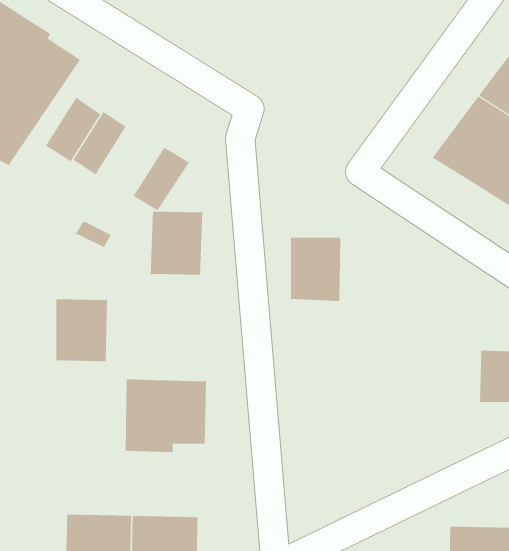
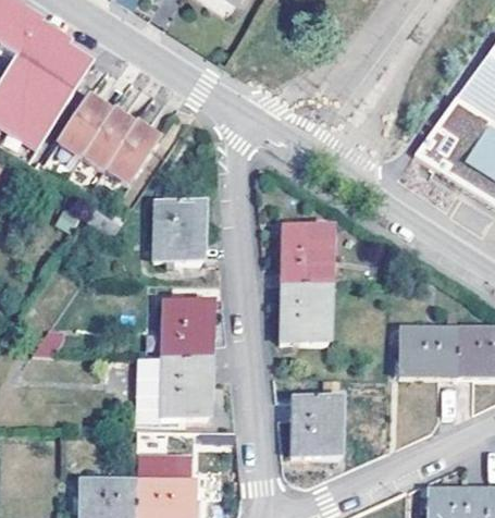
building: [133,147,190,211] -> [109,120,161,178]
building: [56,299,108,362] -> [162,297,210,355]
building: none -> [284,280,331,337]
building: none -> [400,324,459,374]
building: none -> [295,394,344,453]
building: none -> [140,454,197,479]

